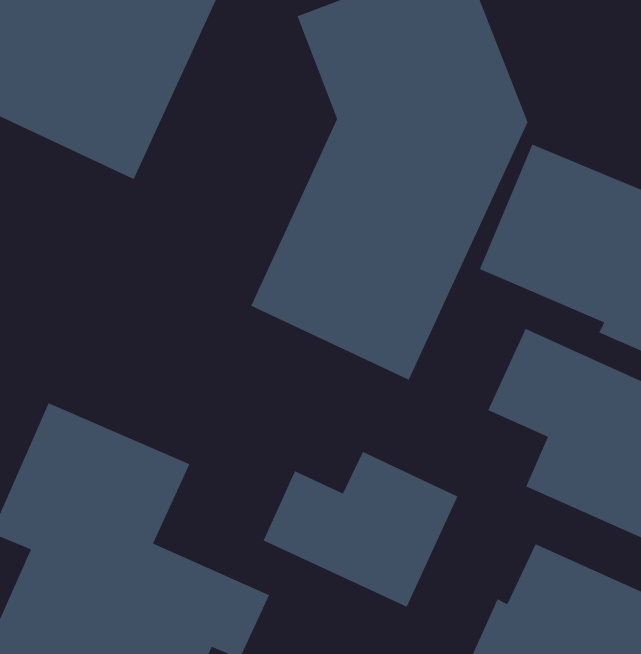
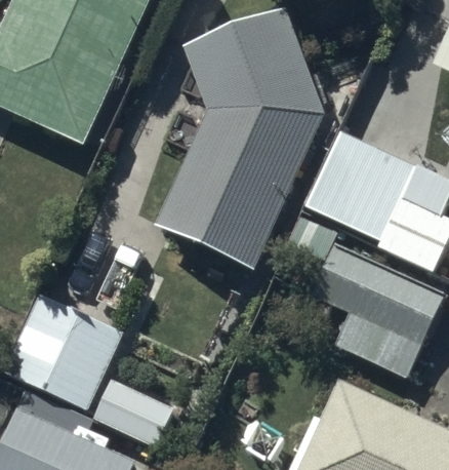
building: [262,451,458,608] -> none

